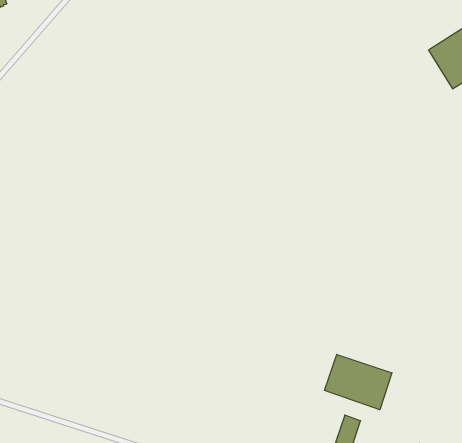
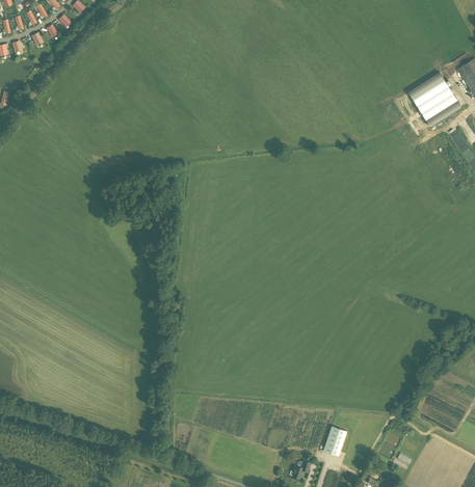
building: [324,354,392,410] -> none

